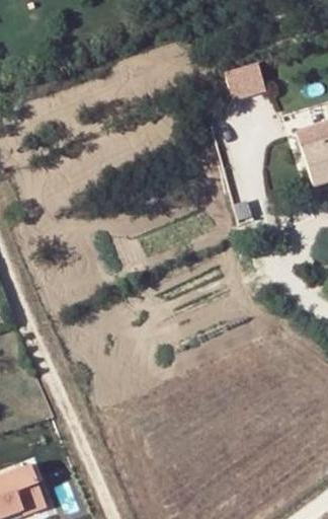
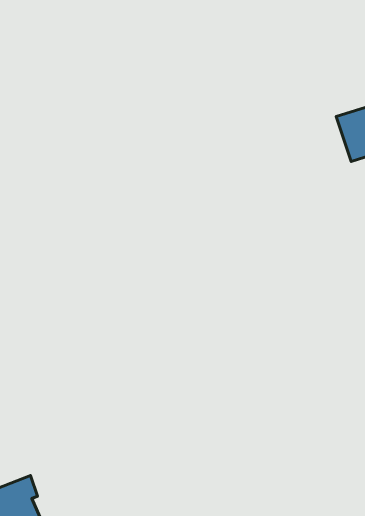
building: [224,65,265,100] -> none

